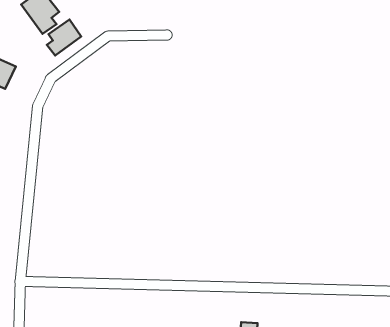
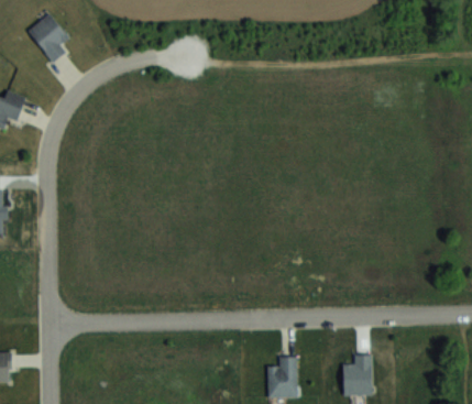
building: [47,20,81,55] -> none

